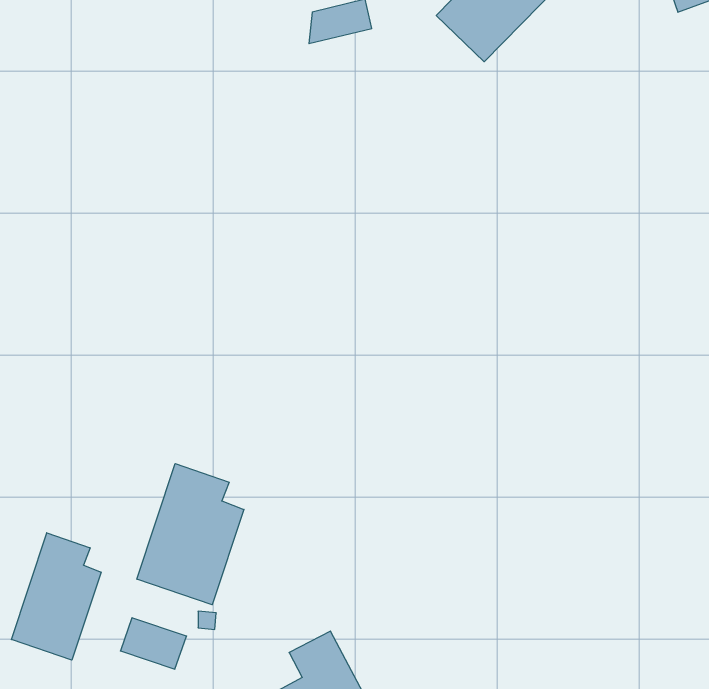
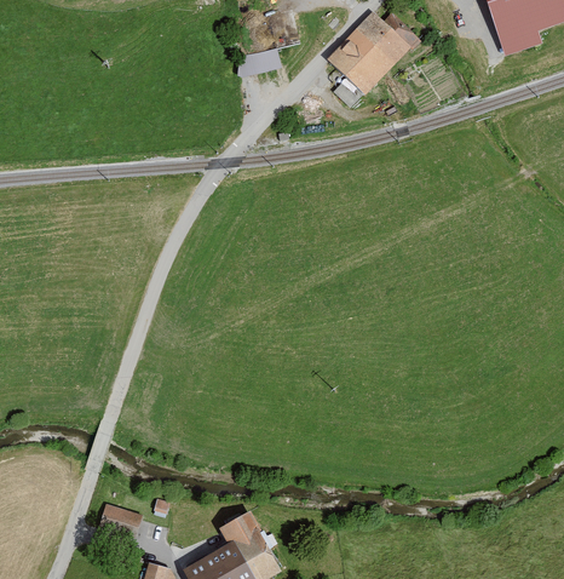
building: [137,464,244,605] -> none
building: [11,533,101,660] -> none

